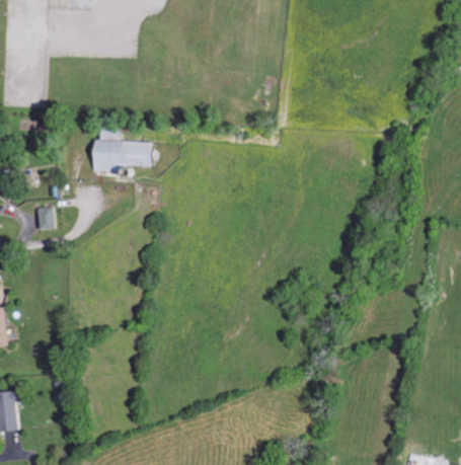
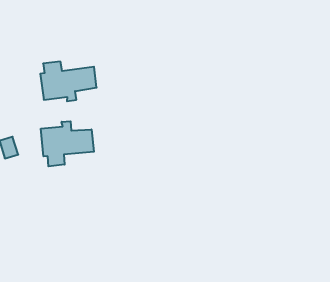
building: none -> [41,121,94,166]

